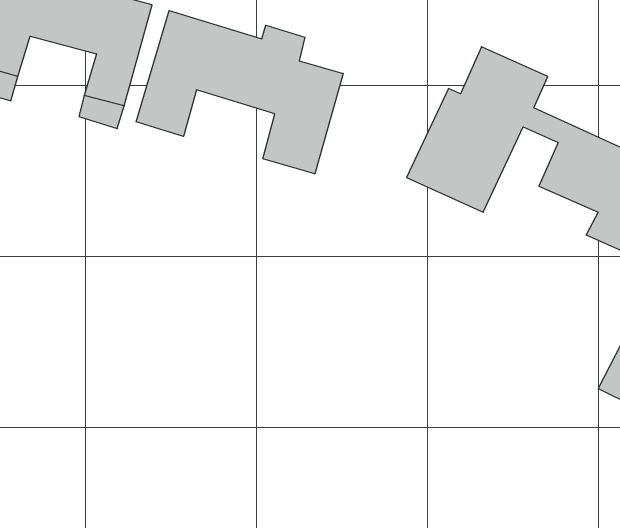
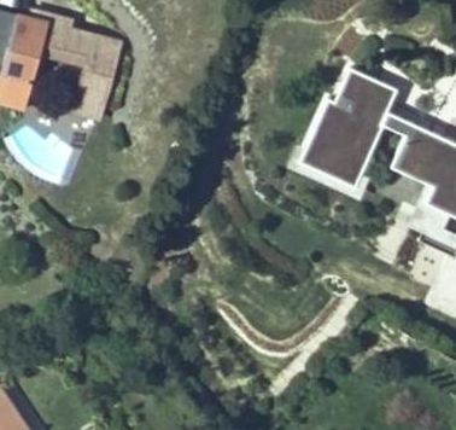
building: [136,11,343,174] -> none

